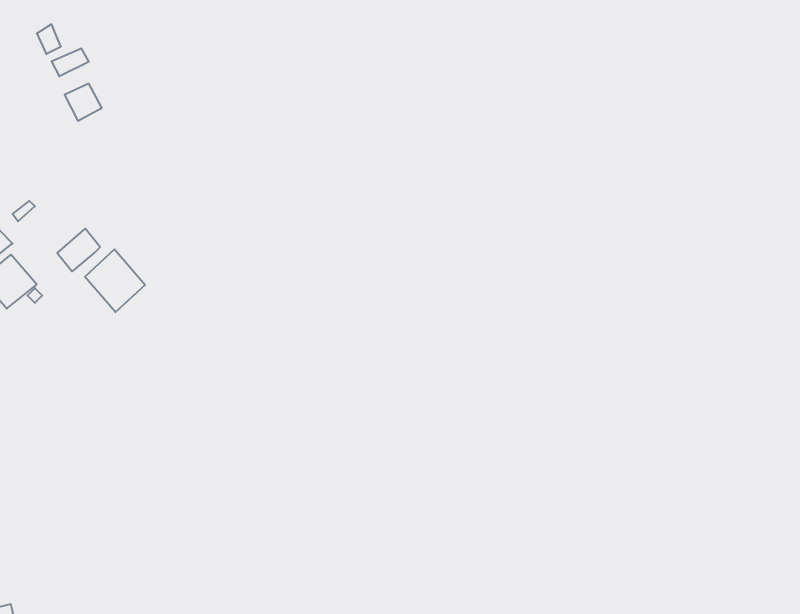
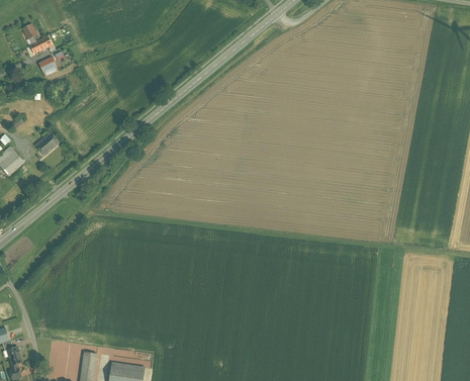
building: [85,249,145,312] -> none

